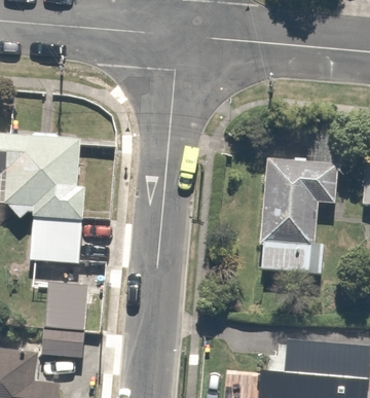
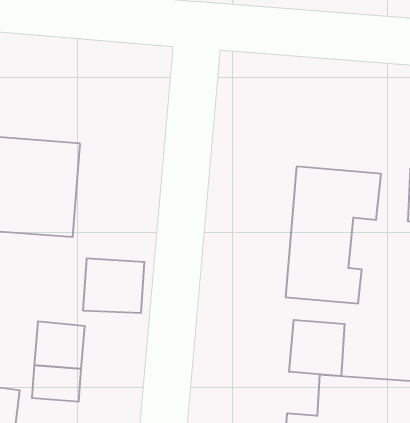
building: [29,217,81,263] -> [83,258,145,313]
building: none -> [289,320,345,376]

